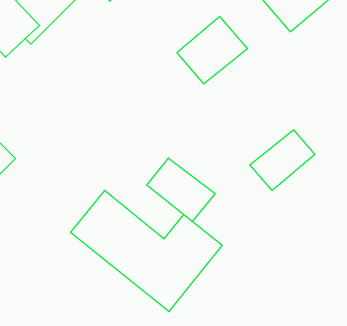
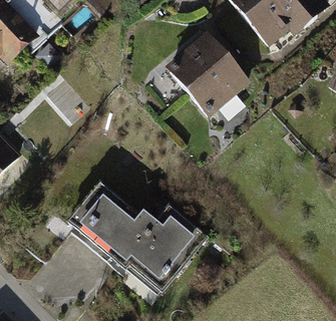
building: [250,130,315,190] -> [188,58,247,113]
building: [147,158,215,222] -> none

